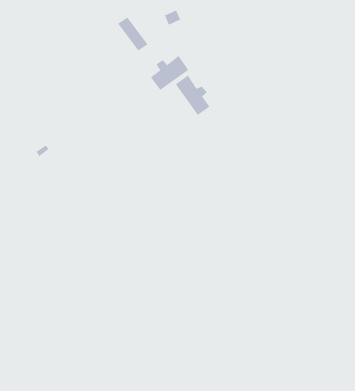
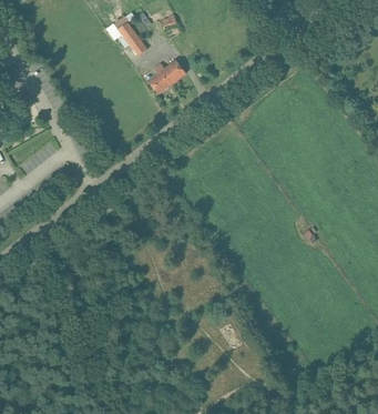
building: [175,74,210,116] -> none

